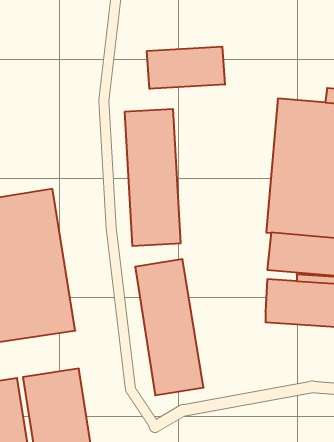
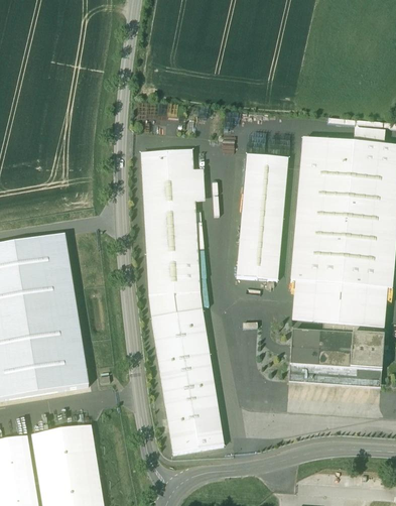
building: [147,47,225,89] -> none
building: none -> [236,154,287,280]
building: none -> [148,292,202,318]

